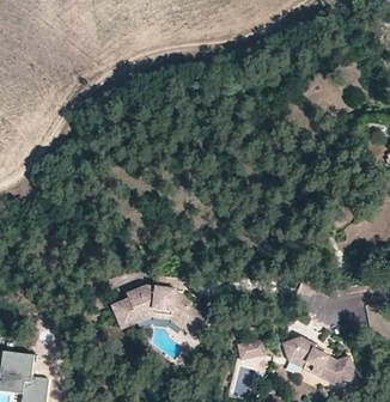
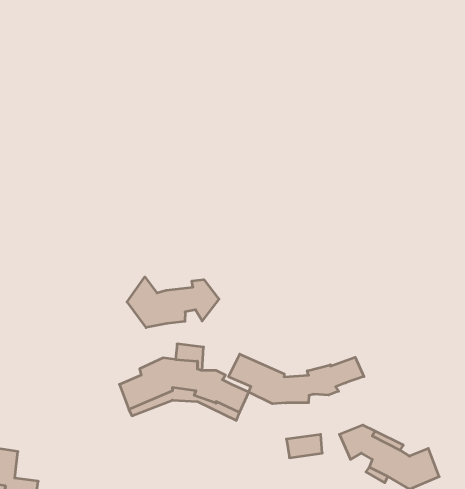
building: none -> [127,277,219,328]
building: none -> [229,354,364,404]

